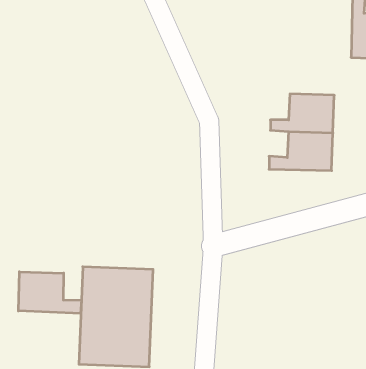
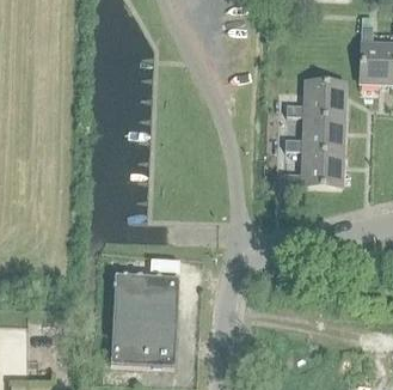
building: none -> [287,81,345,118]
building: [18,272,81,313] -> none

